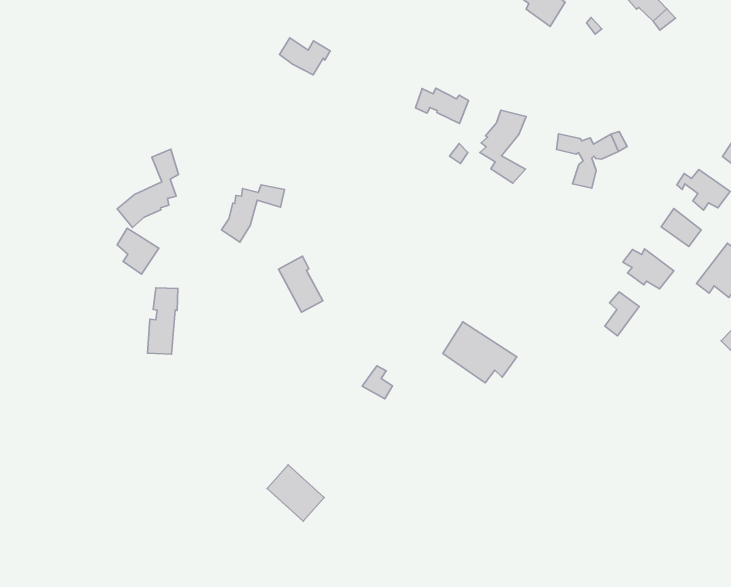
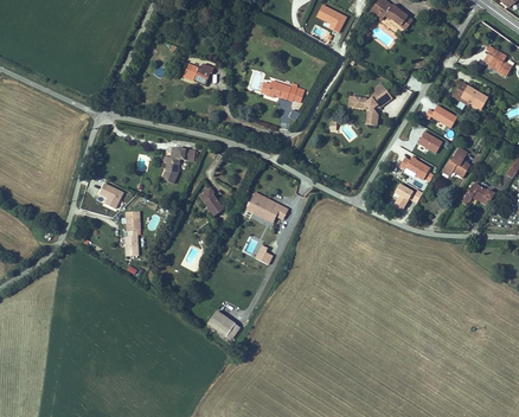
building: [480,110,526,183] -> none
building: [117,149,178,228] -> none
building: [443,322,517,383] -> [244,192,288,226]

